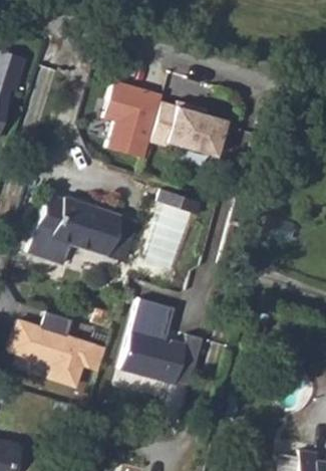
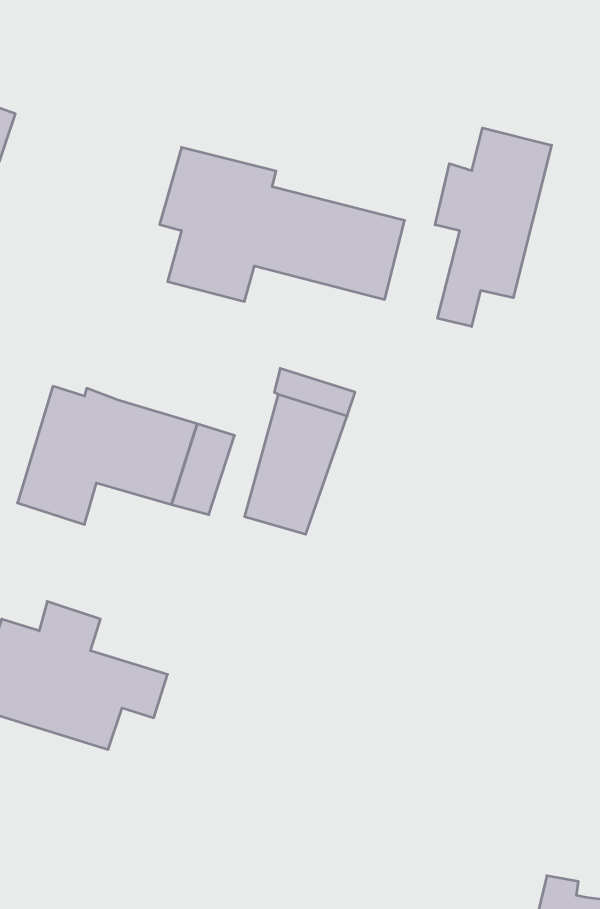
building: none -> [435,128,552,327]
building: [123,301,207,390] -> none

